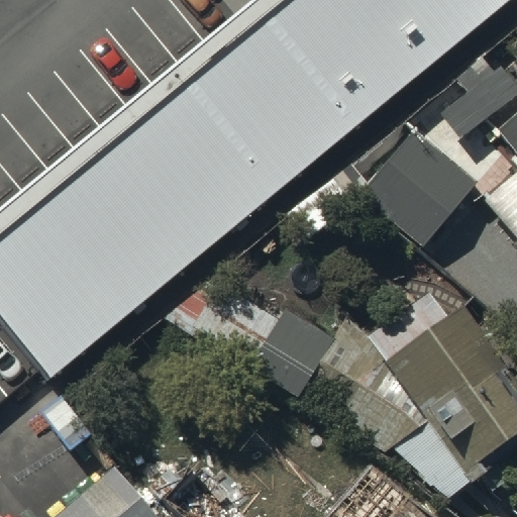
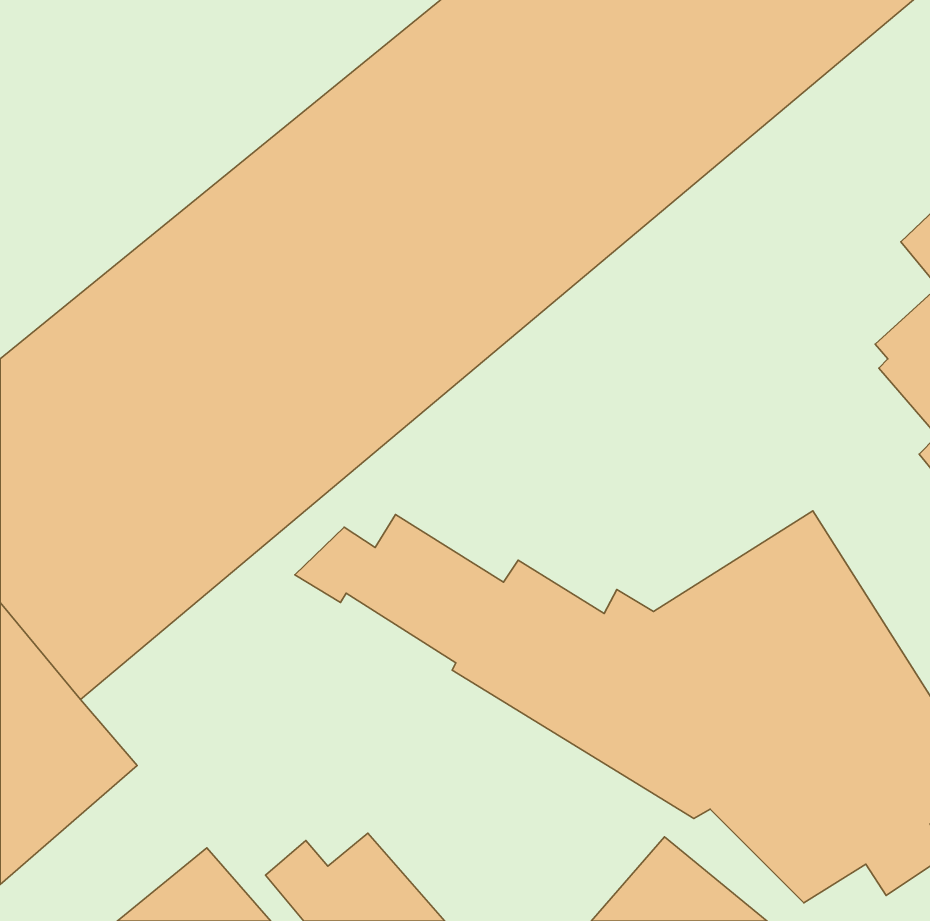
building: [365,122,477,245] -> none

